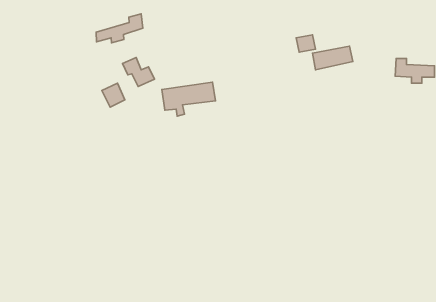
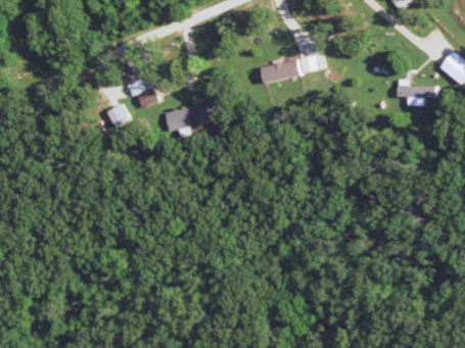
building: [96,14,143,43] -> none
building: [312,46,353,70] -> [260,60,299,84]

